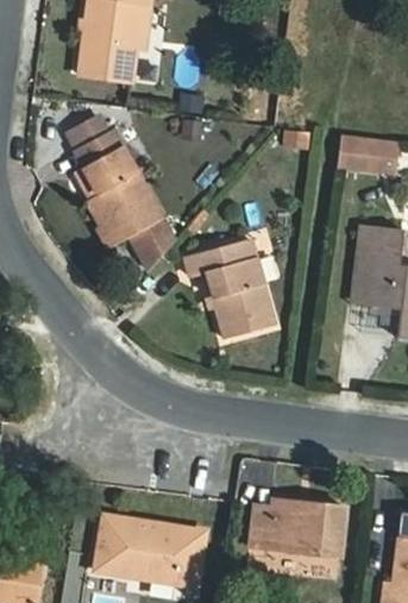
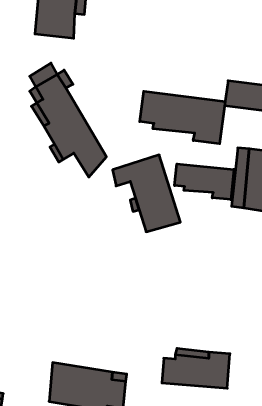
building: none -> [140,91,225,144]
building: none -> [175,164,234,200]

